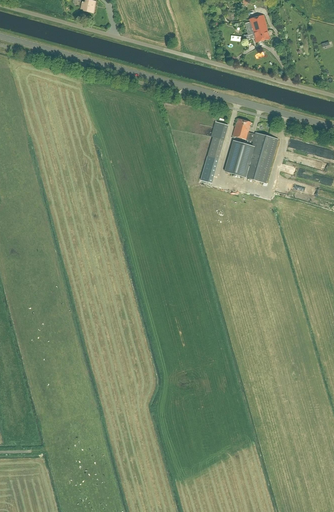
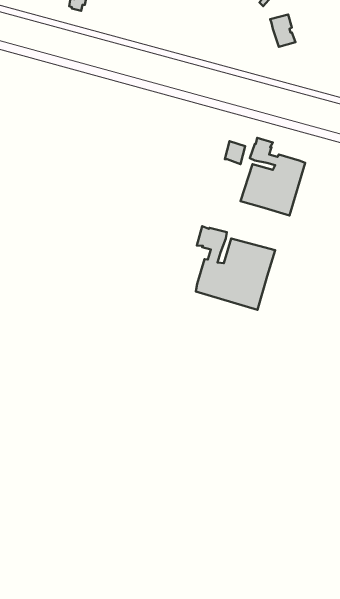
building: none -> [196,226,275,310]

